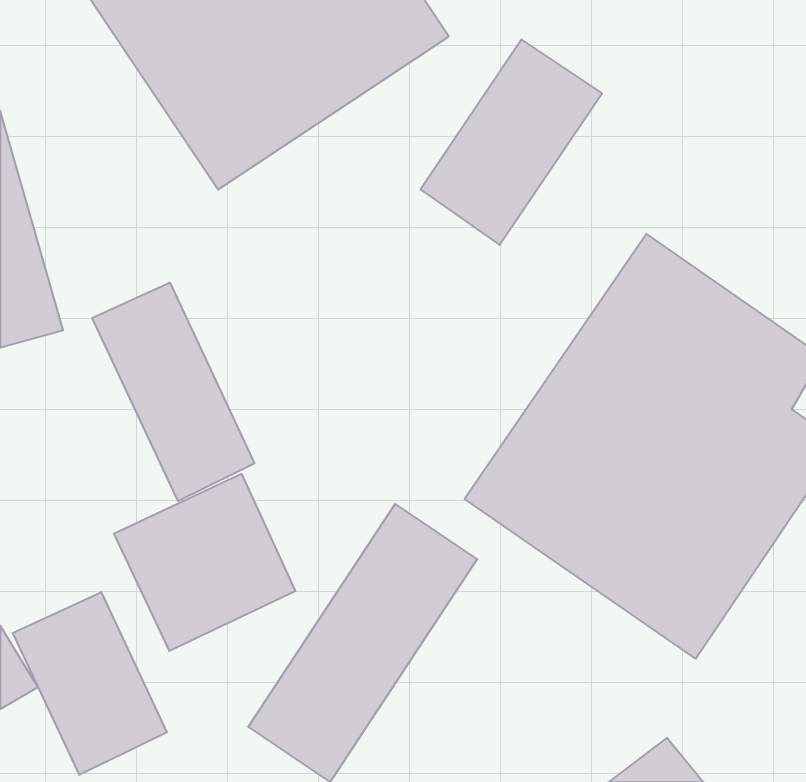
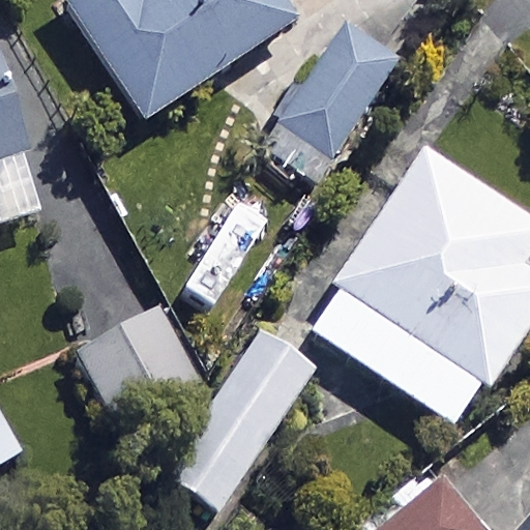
building: [92,282,254,501] -> none
building: [13,592,167,775] -> none

